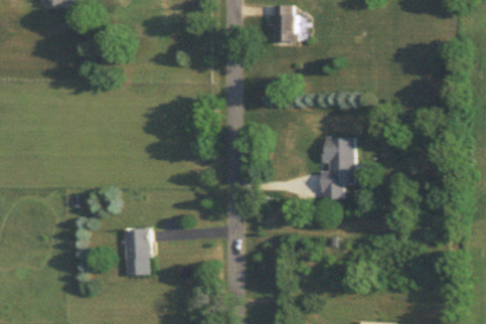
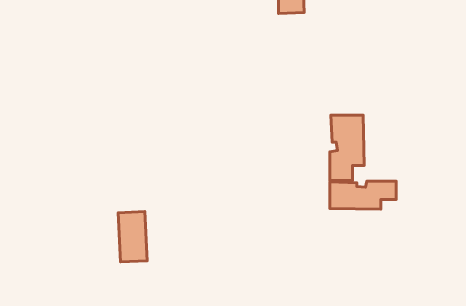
building: none -> [330,181,396,209]

